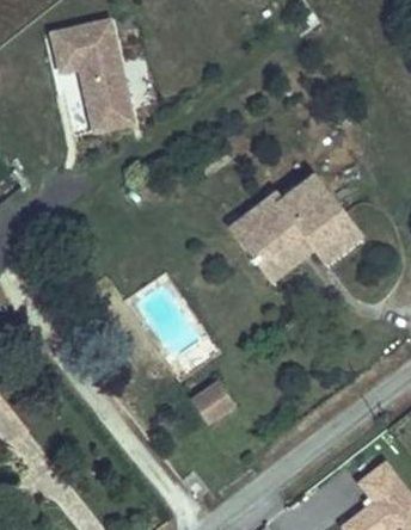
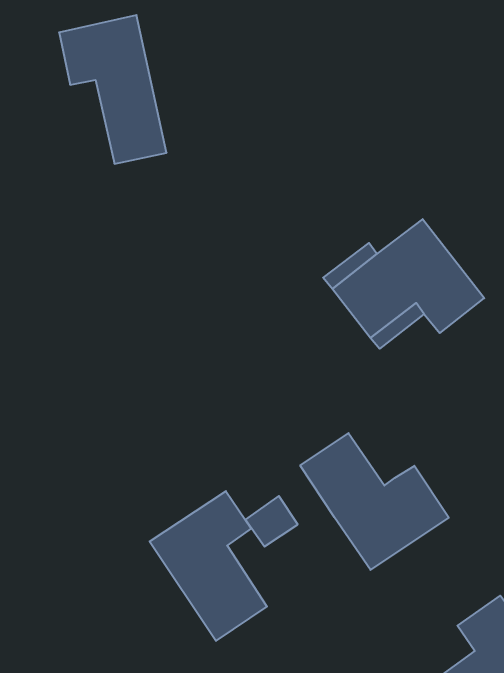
building: none -> [300,433,449,570]
building: none -> [150,491,267,641]

